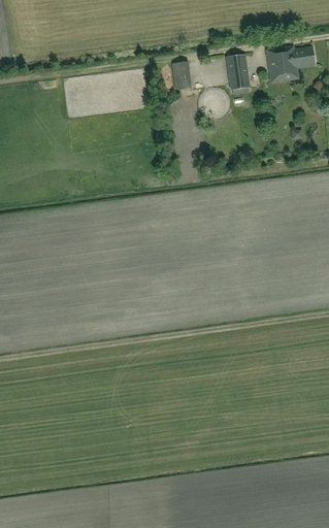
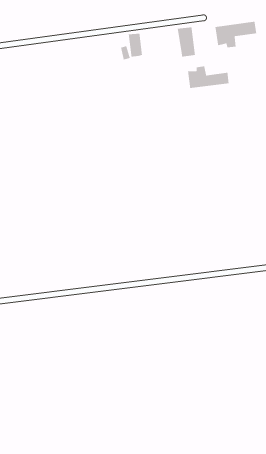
building: none -> [187,65,230,89]

